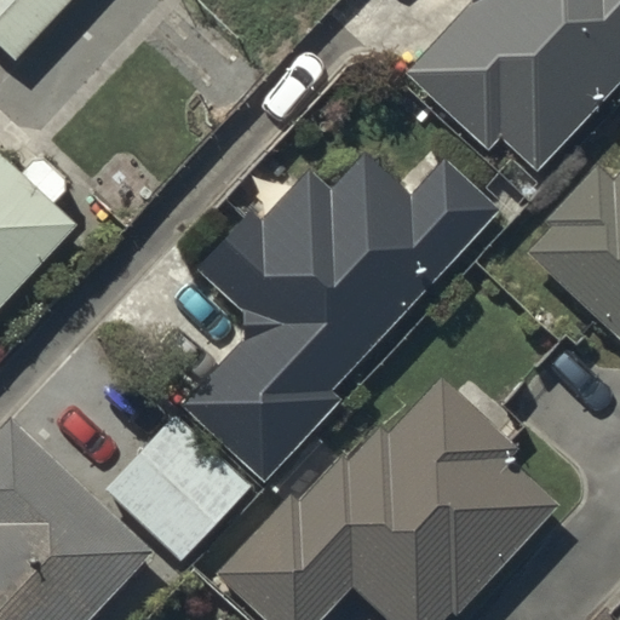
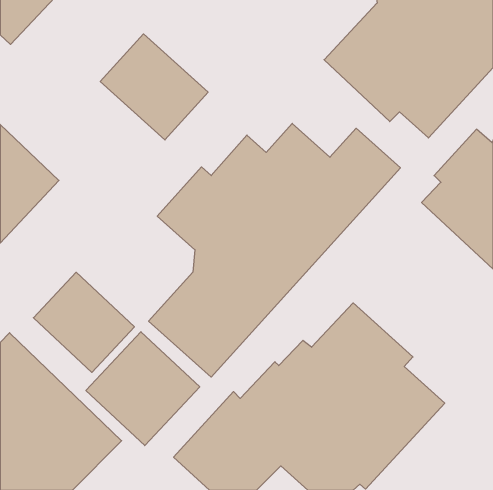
building: none -> [100,34,208,140]
building: none -> [33,272,134,372]

